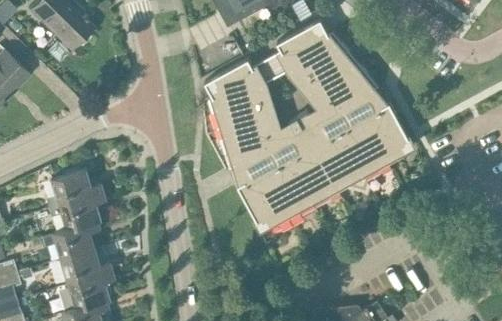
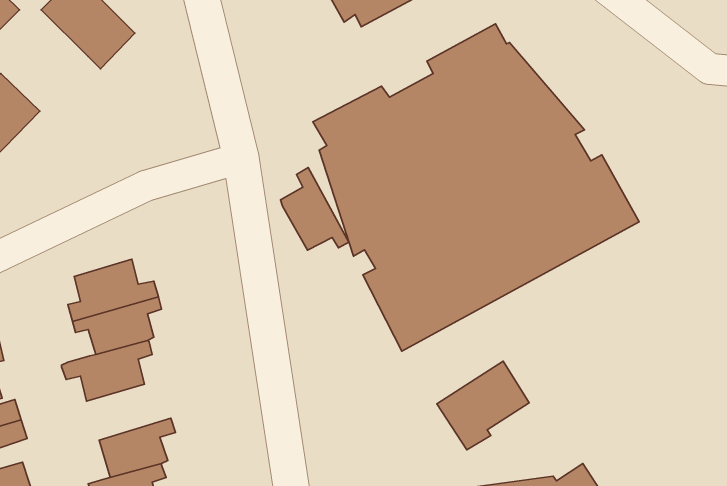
building: none -> [280,167,349,250]
building: none -> [437,361,529,450]
building: [59,251,113,287] -> none

